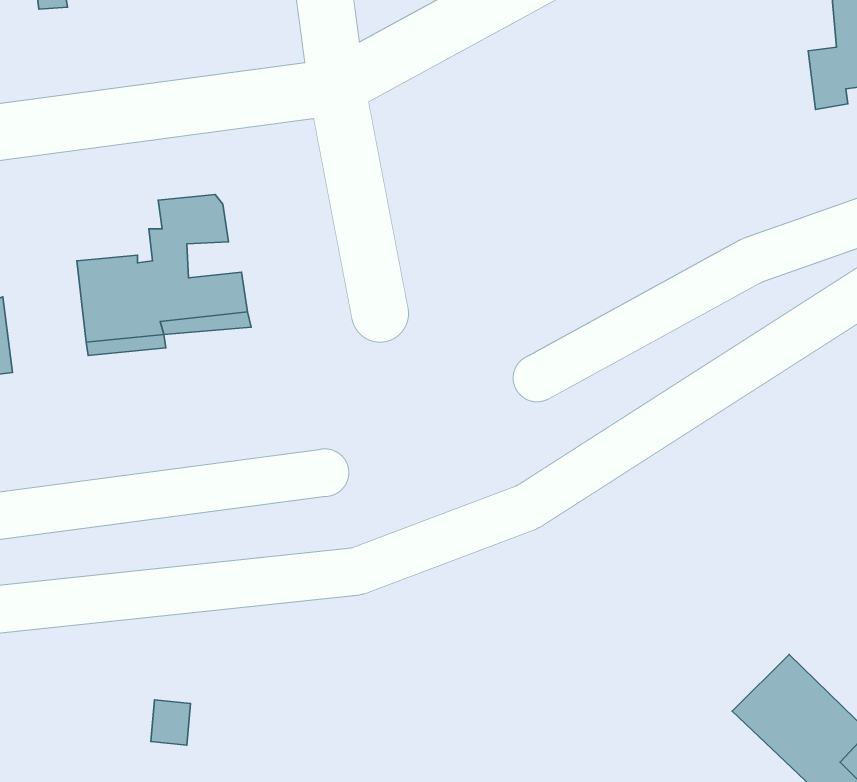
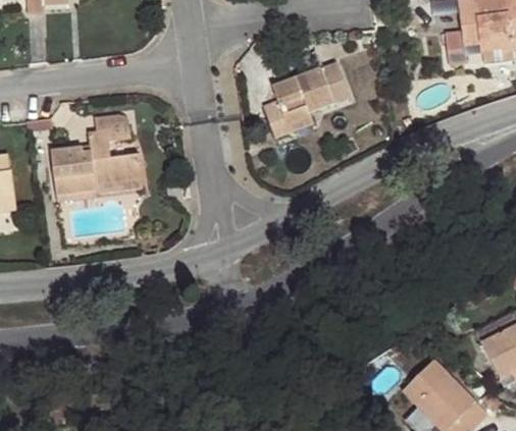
building: none -> [265,61,351,137]

